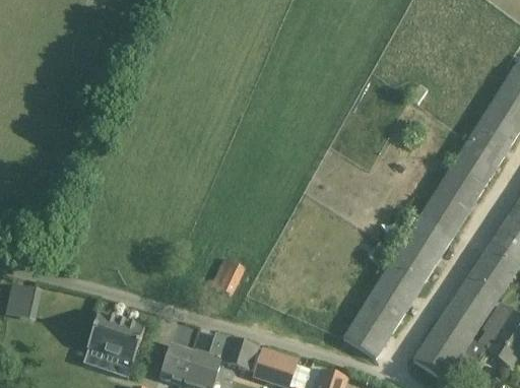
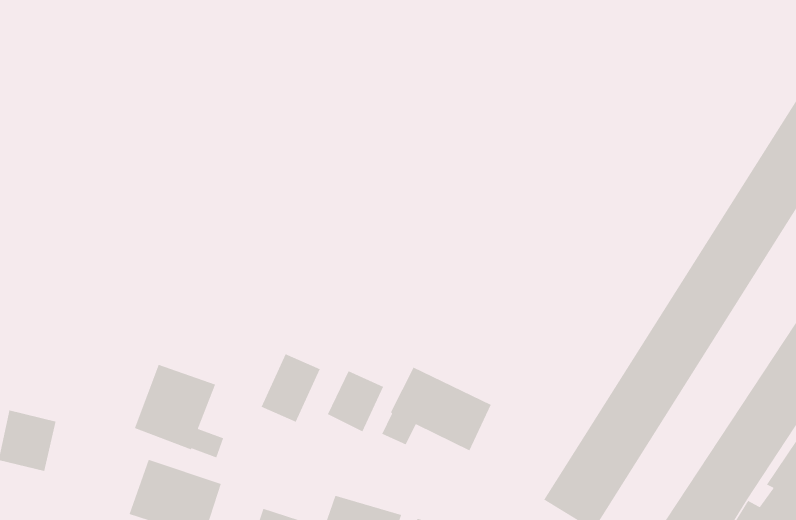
building: none -> [260,353,321,423]
building: none -> [134,364,224,458]
building: none -> [381,367,492,451]

